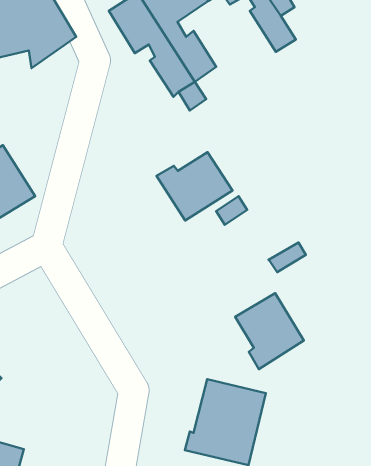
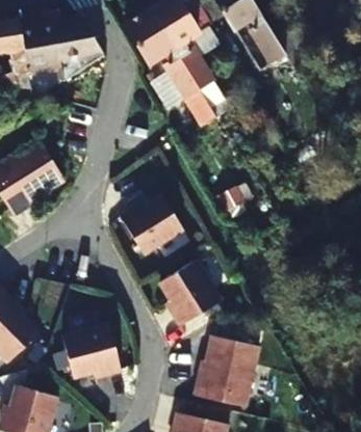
building: [157,152,233,221] -> [119,199,182,256]
building: [235,293,304,369] -> [158,265,215,328]
building: none -> [59,326,117,377]

